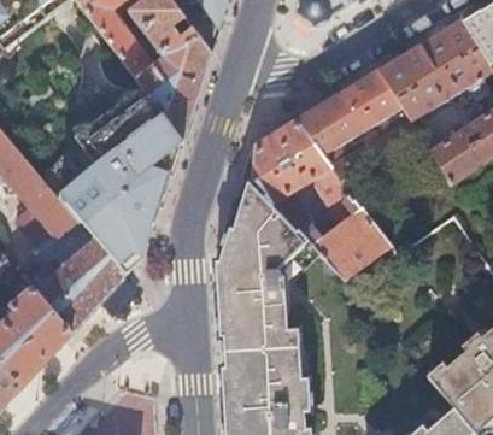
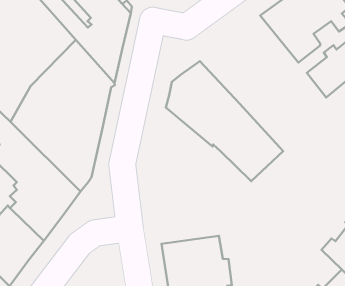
building: [294,69,419,180] -> none
building: [218,176,310,351] -> none

